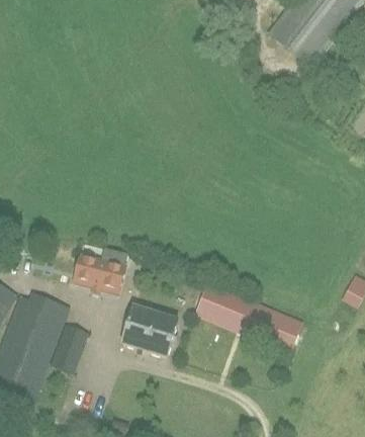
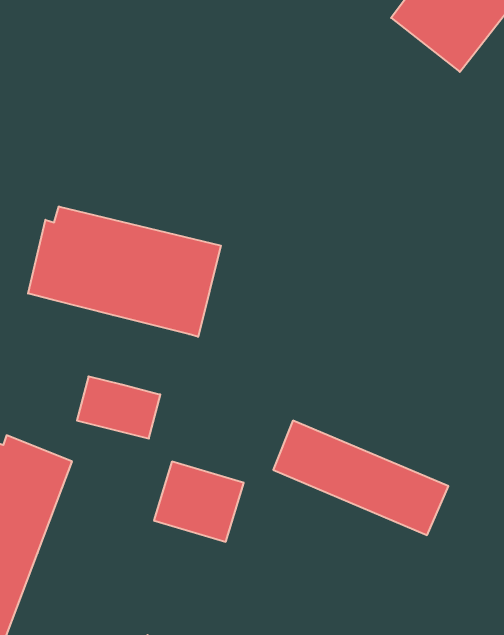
building: none -> [28,206,221,337]
building: [50,323,88,371] -> none

